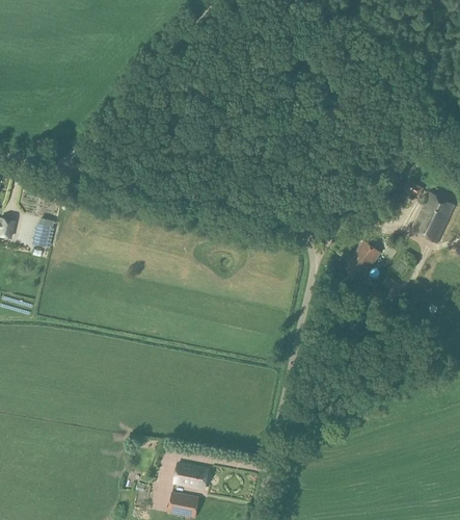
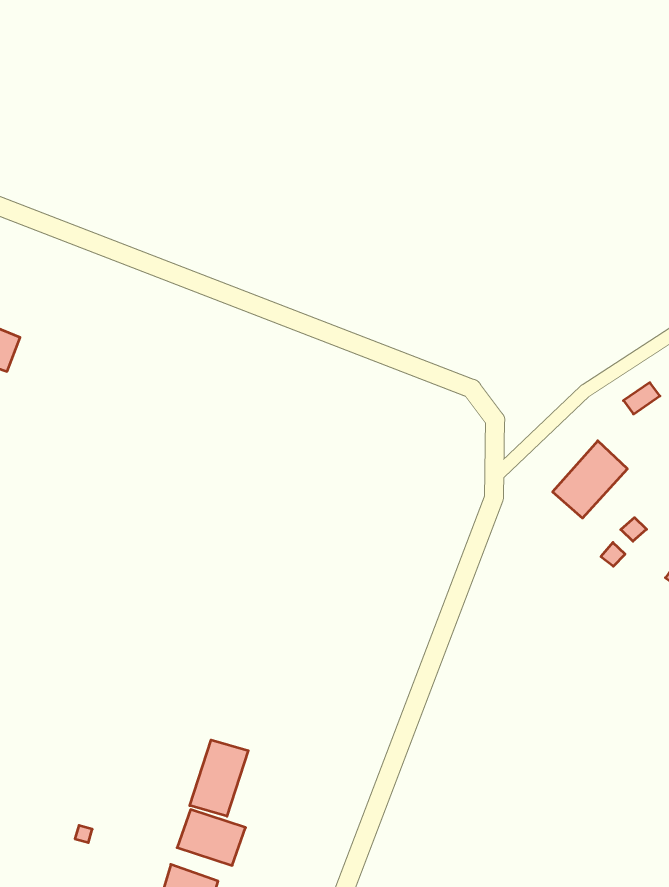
building: none -> [190,740,248,816]

